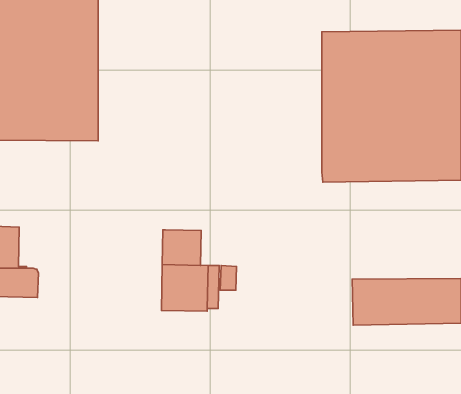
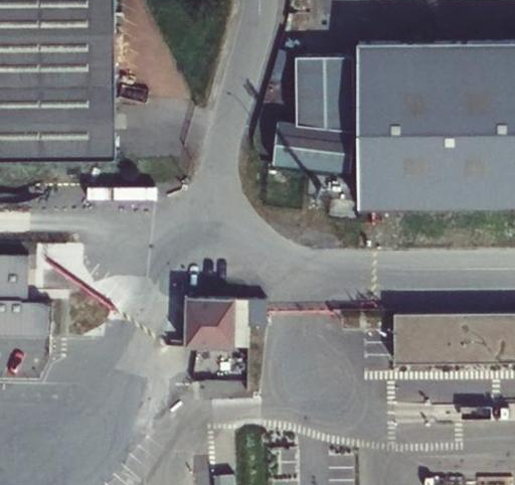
building: none -> [273,55,355,167]
building: [162,230,201,265] -> none

